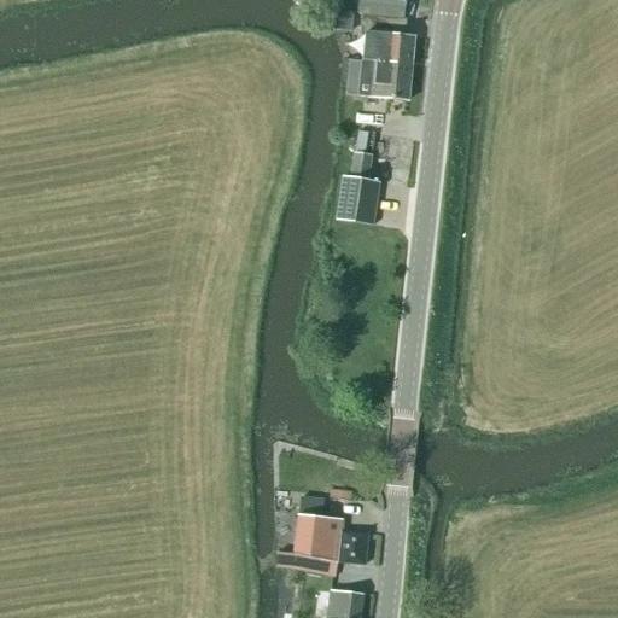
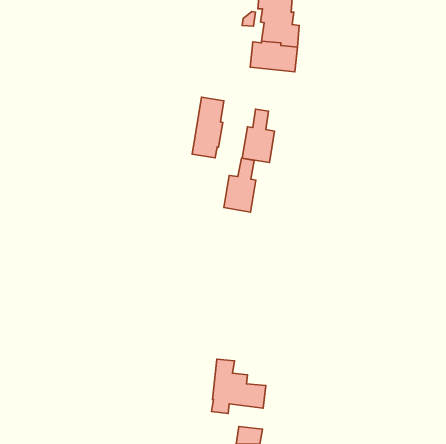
building: none -> [192,97,224,158]
building: none -> [224,158,256,212]

